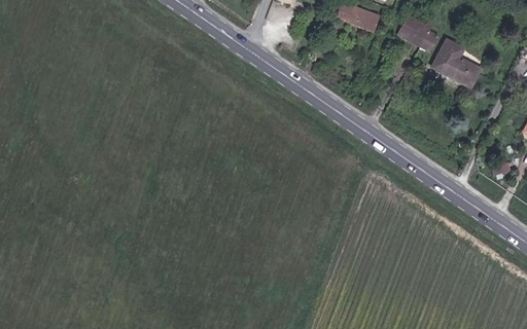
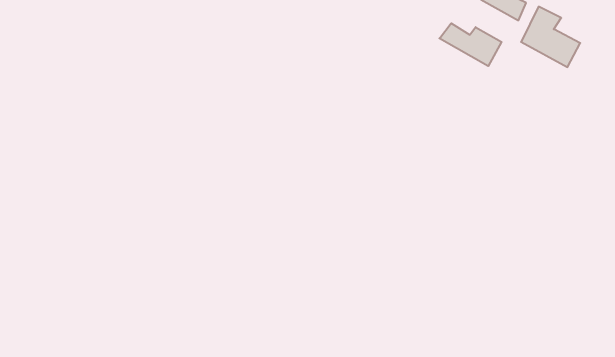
building: none -> [439,23,502,66]

